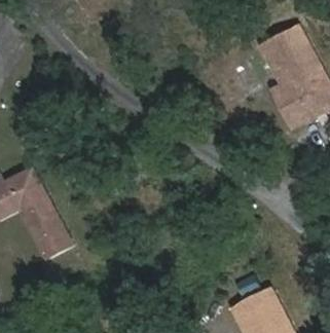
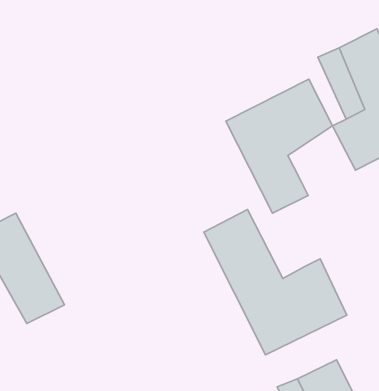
building: none -> [226,79,333,213]
building: none -> [204,210,347,355]

